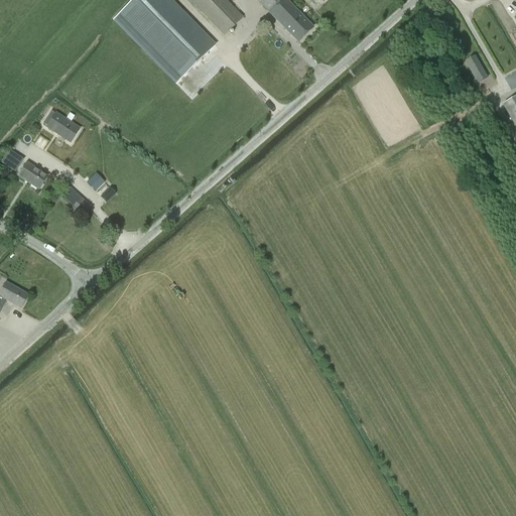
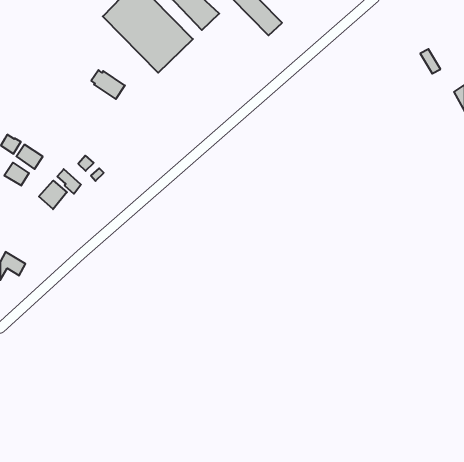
building: [43,109,81,141] -> [91,70,125,99]
building: none -> [4,163,29,186]
building: none -> [39,181,67,209]

